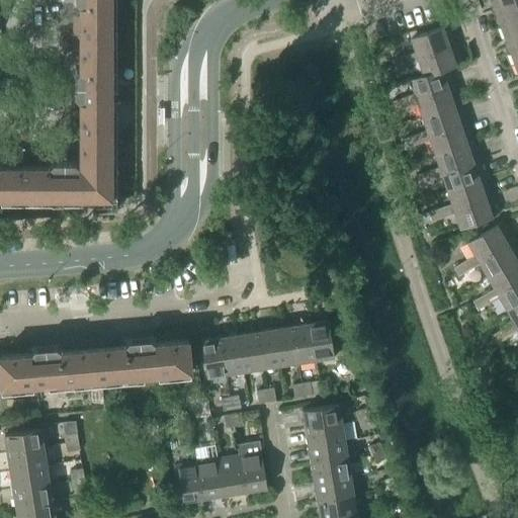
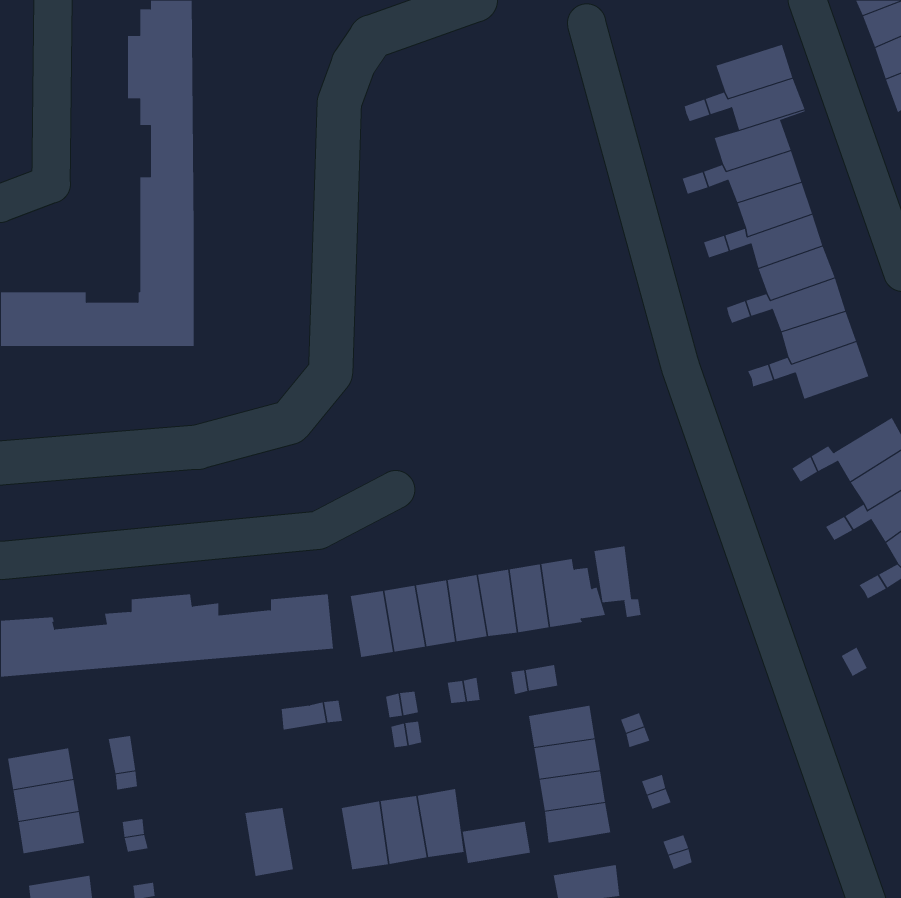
building: [467,225,512,262] -> none
building: none -> [594,545,641,618]
building: [174,465,202,505] -> [244,808,294,876]
building: [315,480,354,504] -> [462,821,531,863]
building: [14,486,53,510] -> none

